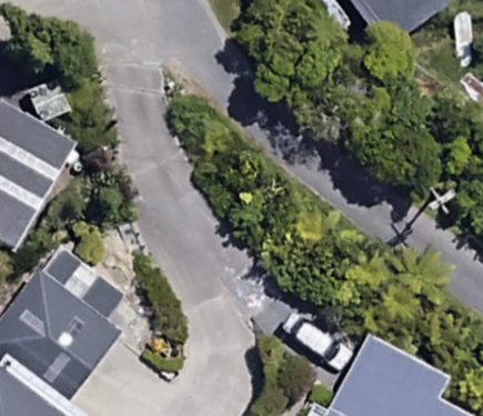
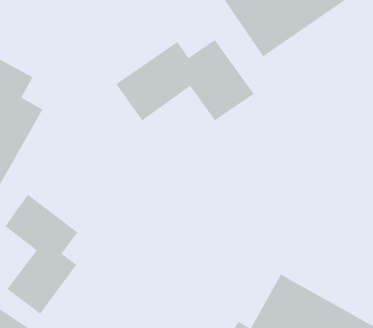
building: none -> [116,39,255,121]

